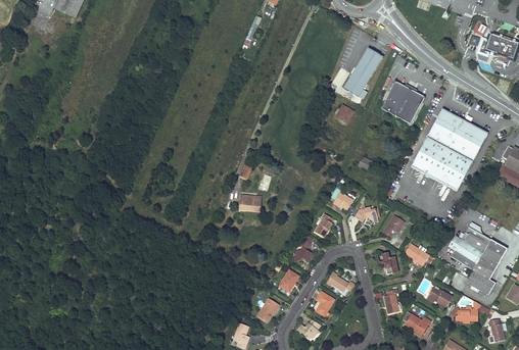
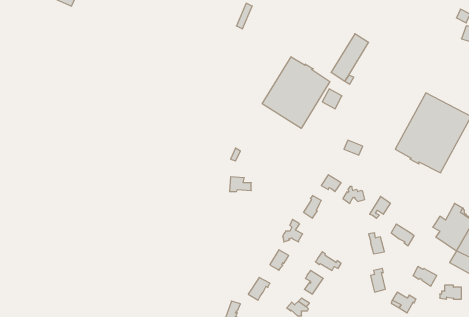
building: none -> [262,57,330,128]
building: [380,80,424,121] -> none

